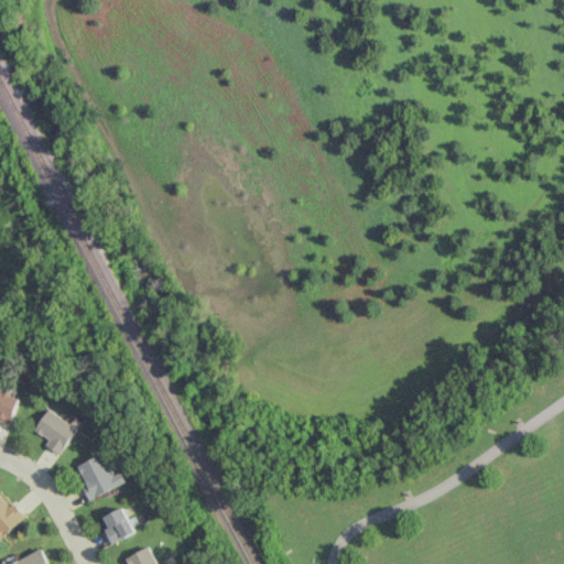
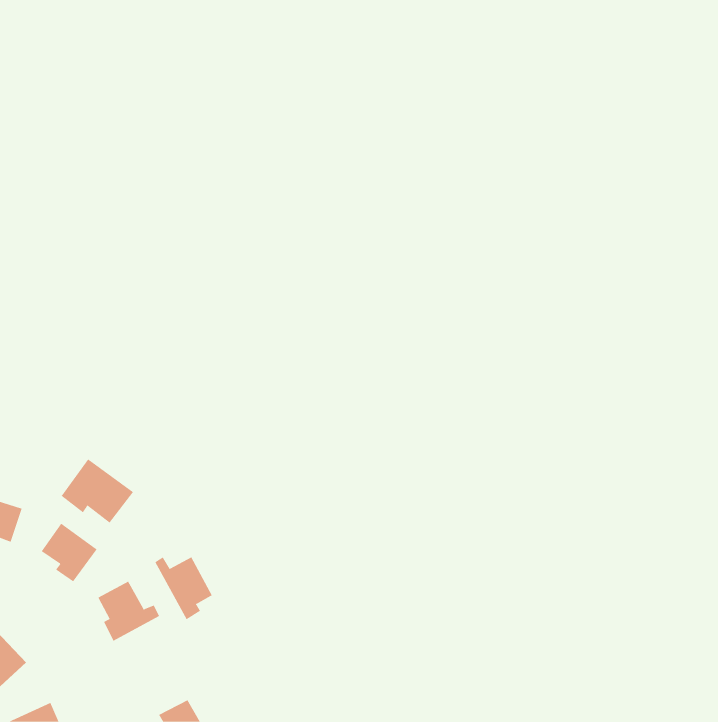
building: none -> [61,458,134,523]
building: none -> [155,556,213,620]
building: [98,507,134,543] -> none

